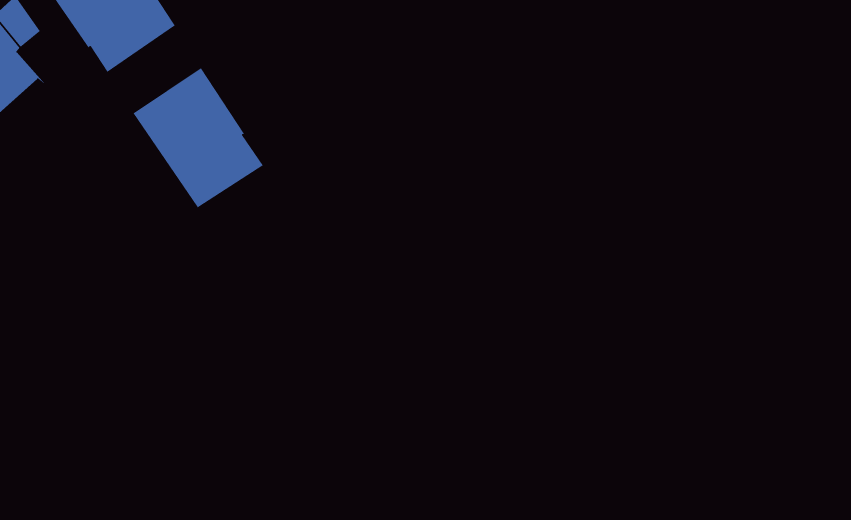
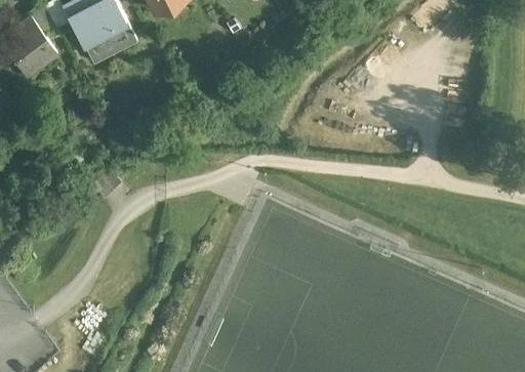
building: [133,67,264,213] -> none

